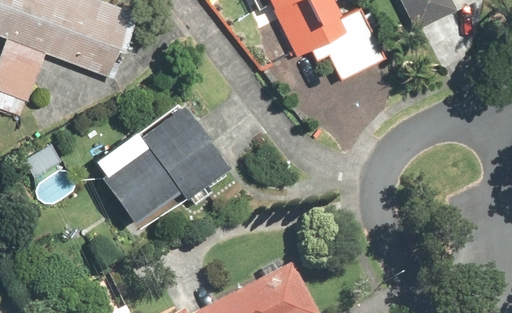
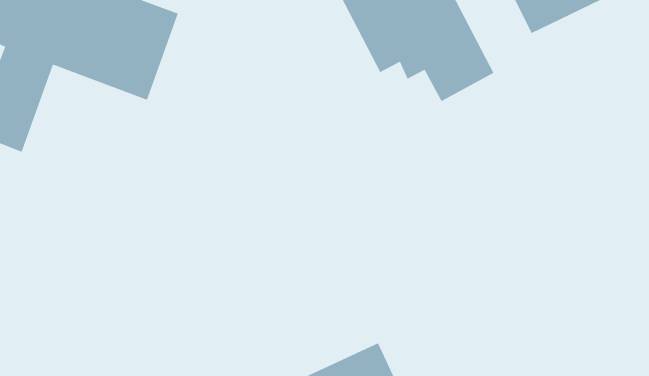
building: [95,93,235,230] -> none

